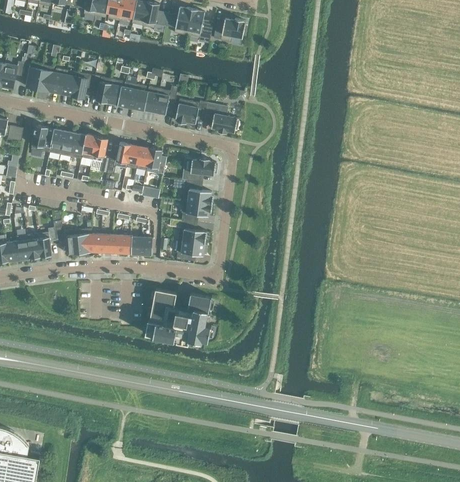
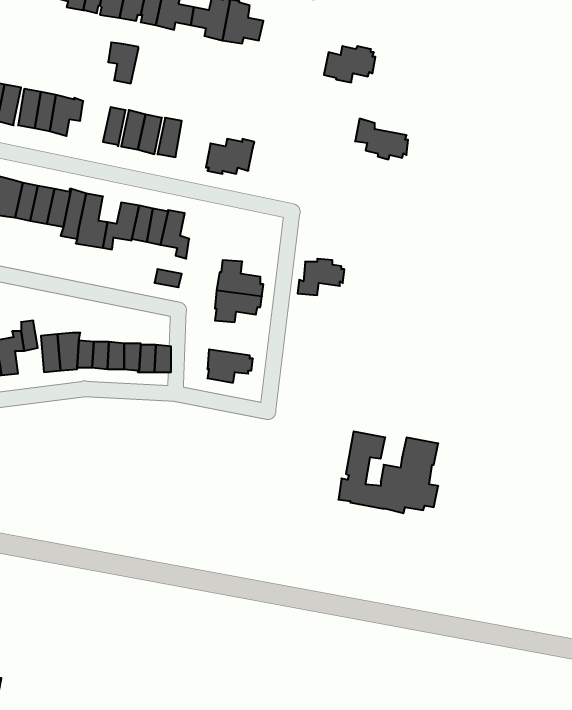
building: [212,19,246,43] -> [324,46,375,82]
building: [92,76,112,103] -> [108,42,138,83]
building: [155,86,177,115] -> none
building: [203,107,238,134] -> [355,119,408,159]
building: [186,158,217,182] -> [298,259,344,295]
building: [177,221,206,244] -> none
building: [145,289,211,343] -> [338,431,438,513]

